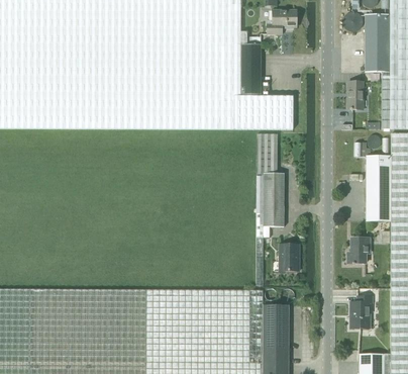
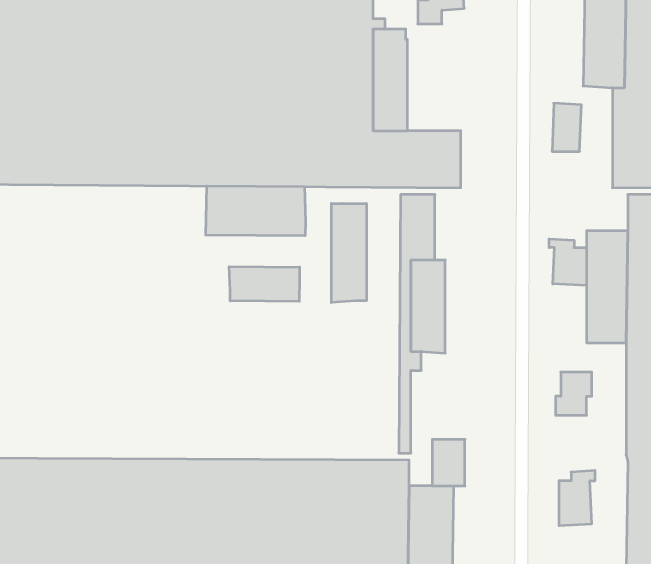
building: none -> [206,186,305,236]
building: none -> [331,203,366,303]
building: none -> [549,239,587,285]
building: none -> [229,267,300,301]
building: [280,244,299,271] -> [432,439,465,486]

